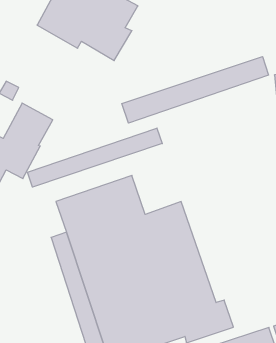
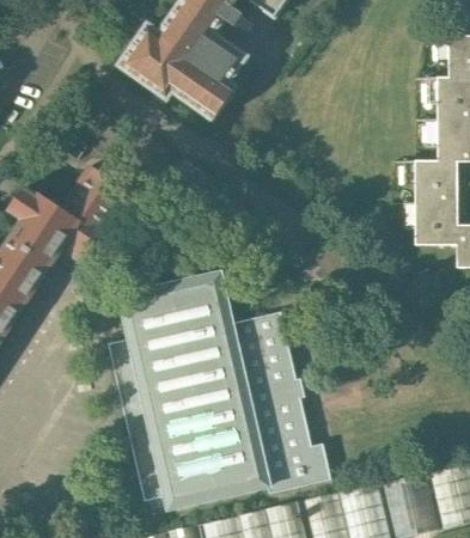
building: [122,57,269,123] -> none
building: [28,128,162,187] -> none

